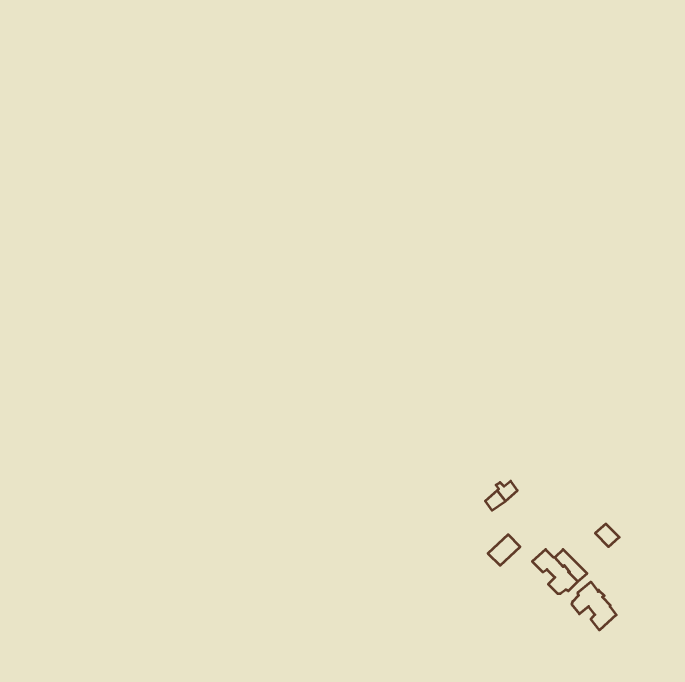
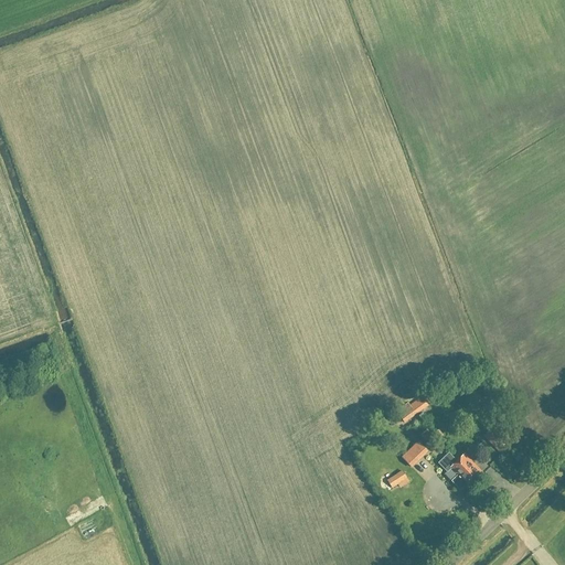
building: [572,582,616,630] -> none

